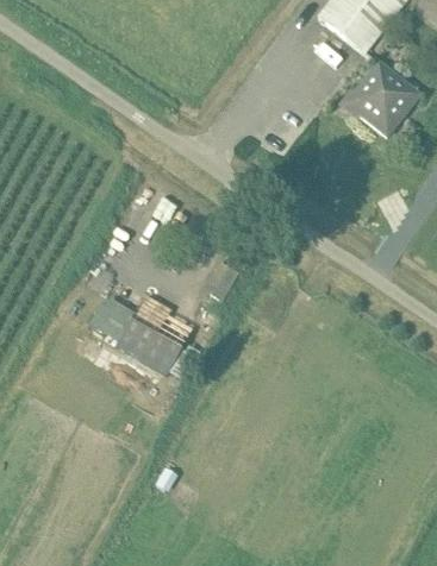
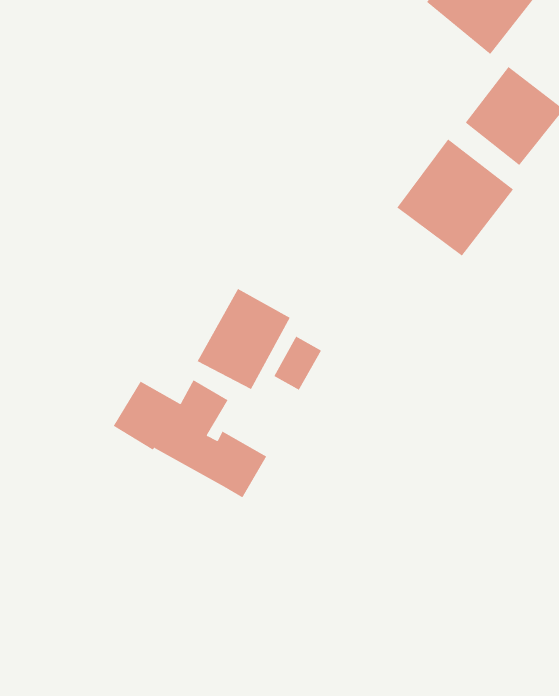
building: none -> [396,138,514,257]
building: none -> [197,288,291,390]

